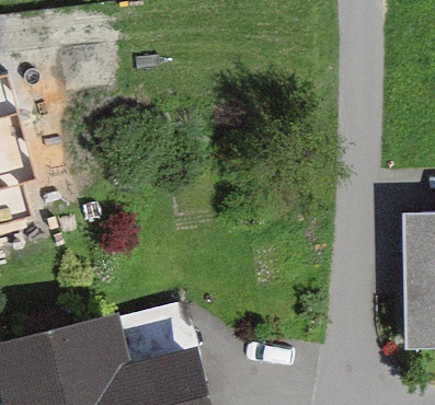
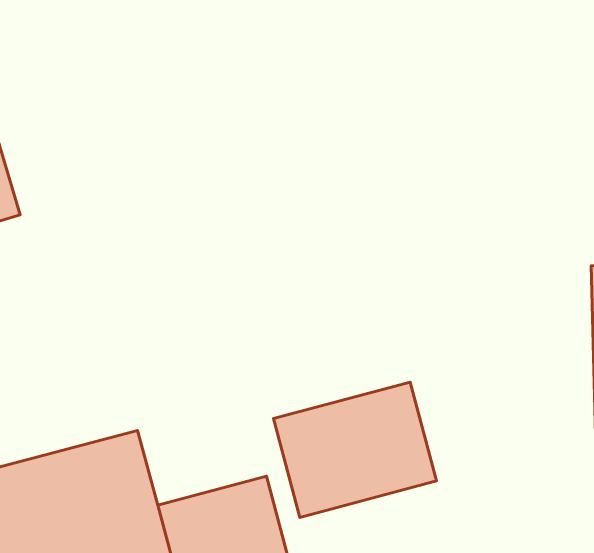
building: none -> [273,382,437,517]

